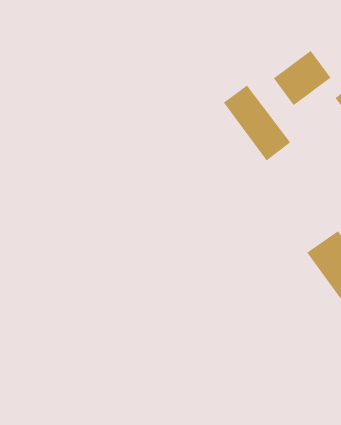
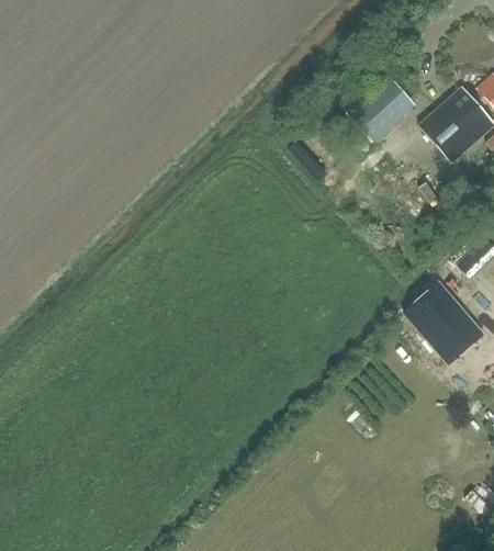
building: [223,85,291,162] -> none

